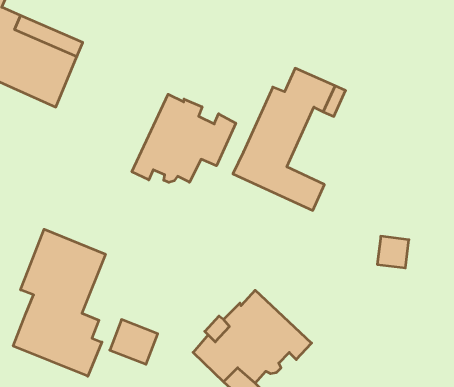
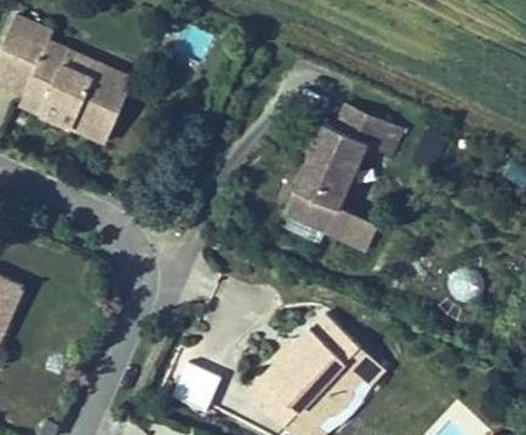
building: [132,94,236,182] -> none
building: [13,229,105,376] -> none

